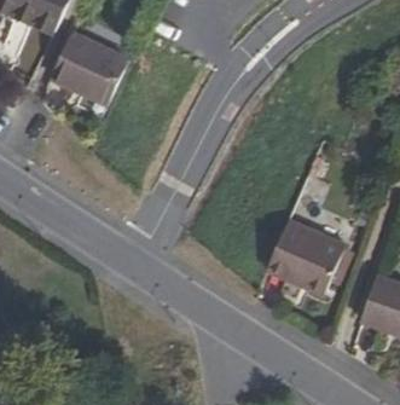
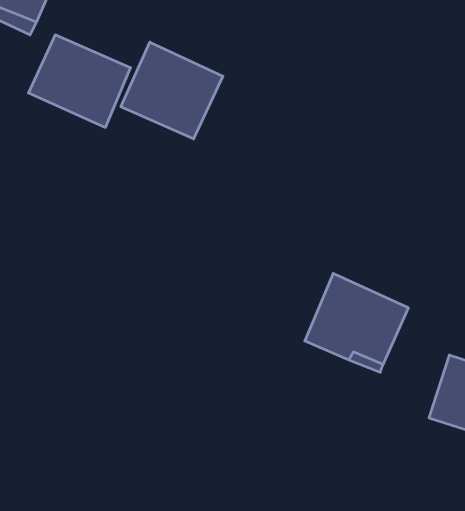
building: none -> [121,42,223,139]

